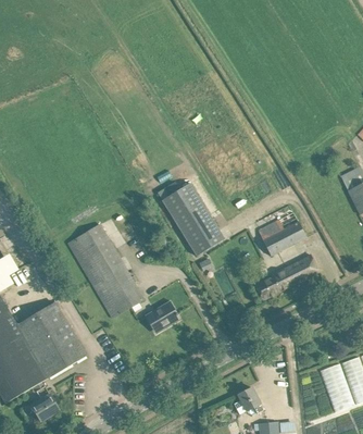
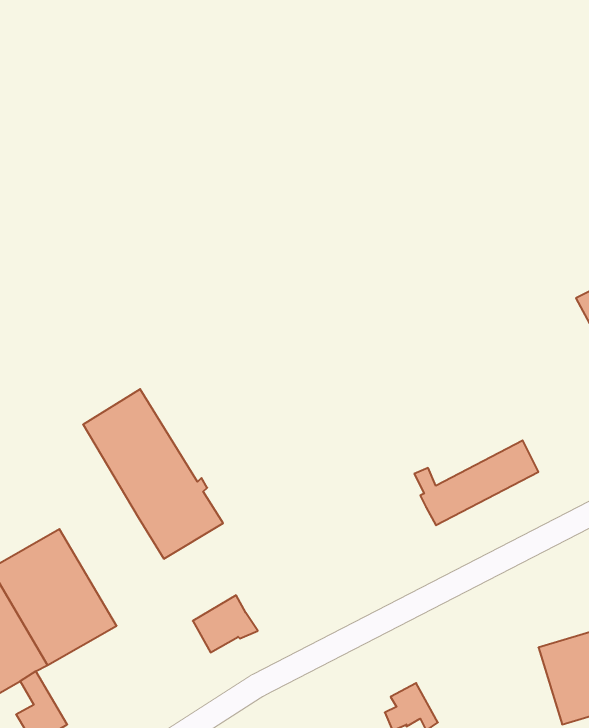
building: [162,183,225,256] -> none
building: [258,211,306,255] -> none
building: [145,299,180,331] -> [193,595,258,652]

